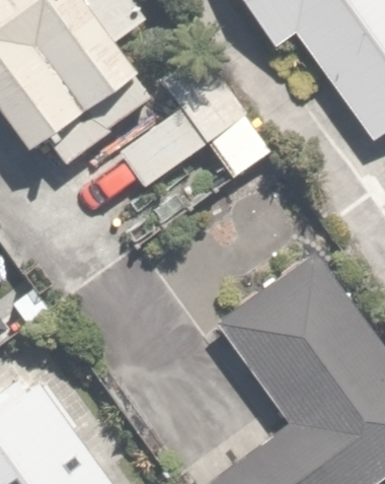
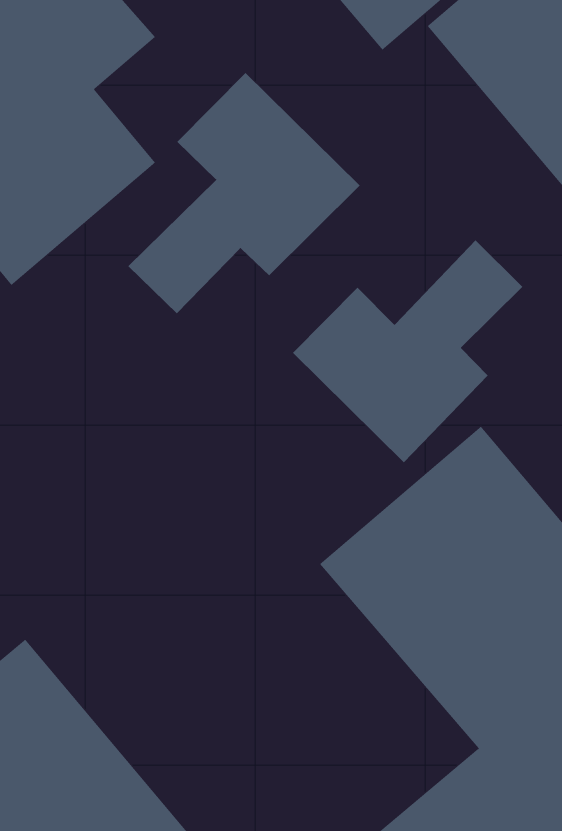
building: none -> [292,240,523,463]

